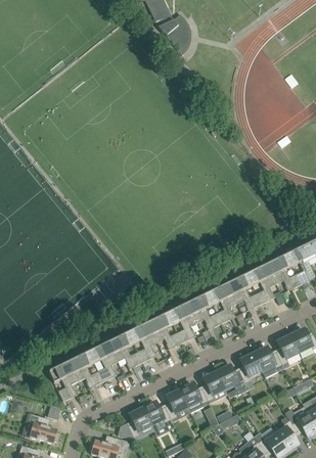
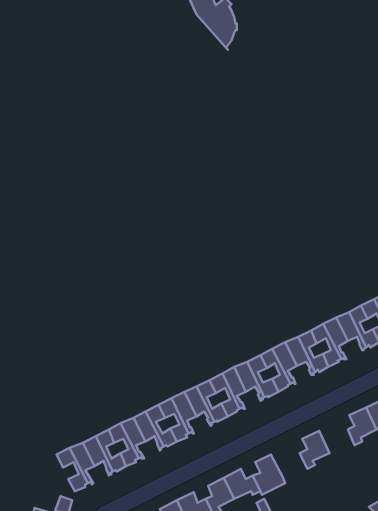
building: [254,347,281,376] -> none
building: [216,365,244,388] -> none

